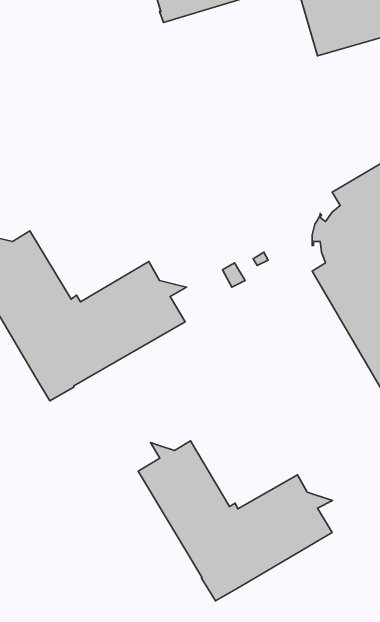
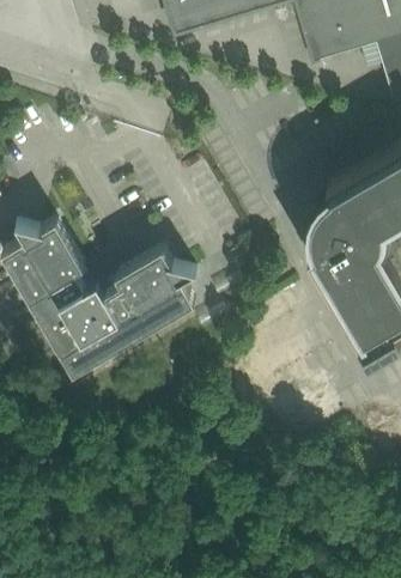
building: [138,441,332,601] -> none

